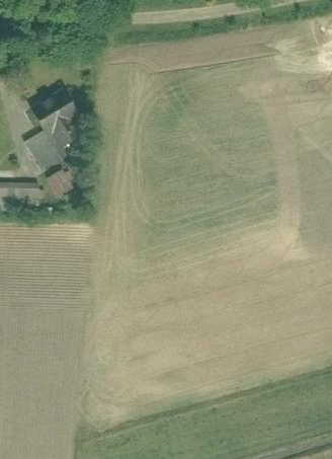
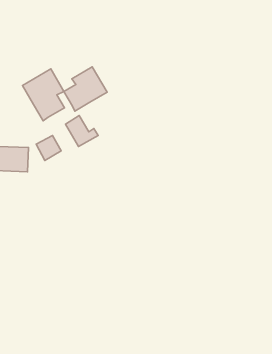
building: none -> [64,67,107,111]
building: [26,132,65,168] -> [66,116,98,147]

